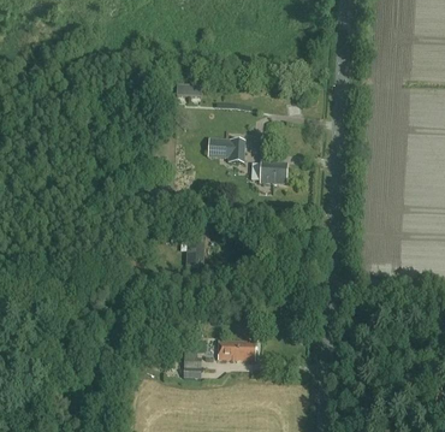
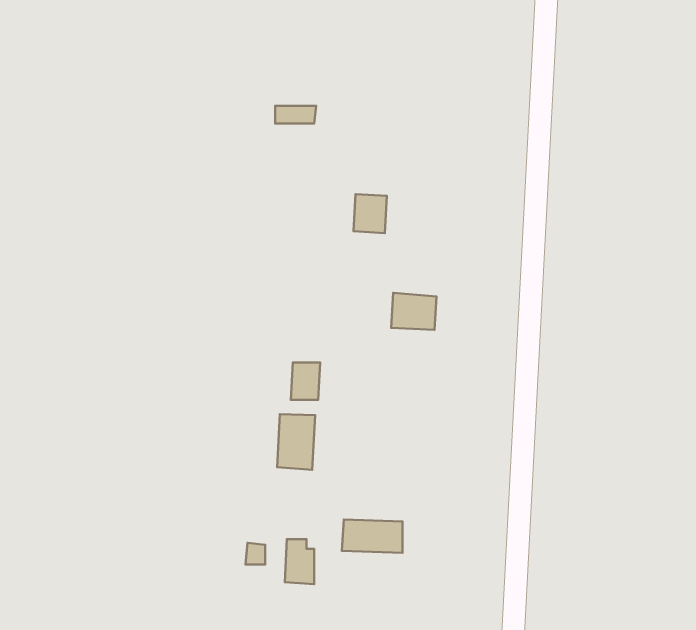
building: [259,161,286,184] -> [391,293,436,330]
building: none -> [277,414,315,470]

